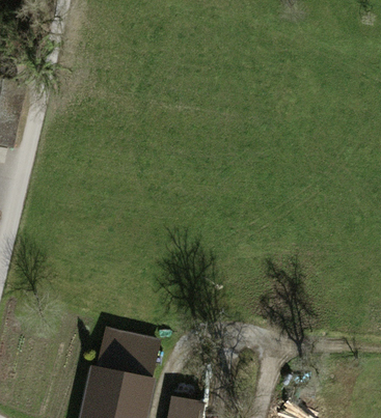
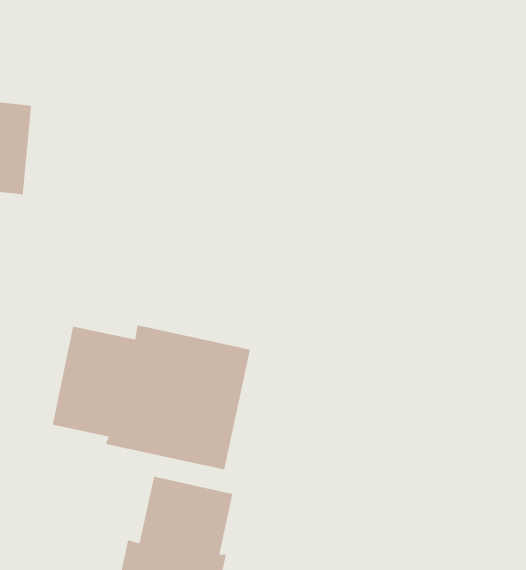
building: none -> [52,324,250,470]

